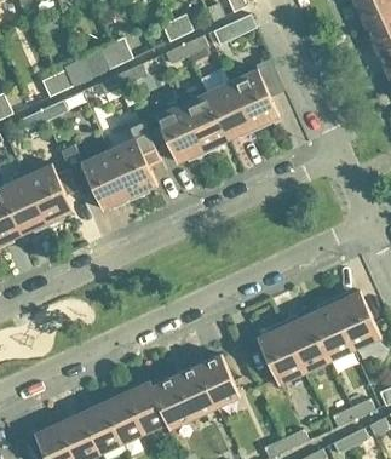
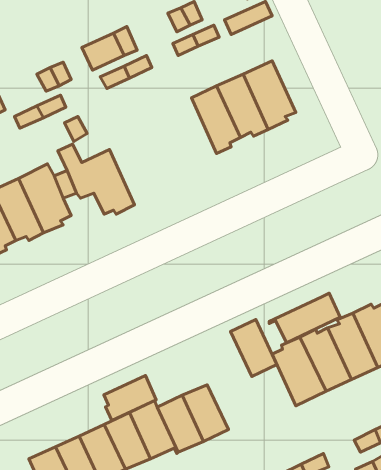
building: [155,103,206,163] -> none
building: [108,121,161,201] -> none
building: none -> [269,293,340,343]
building: [197,355,240,407] -> [231,320,277,376]
building: none -> [104,376,156,421]

